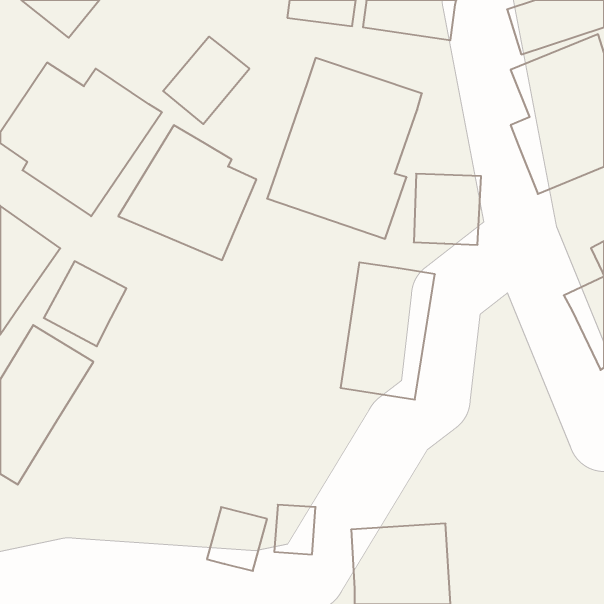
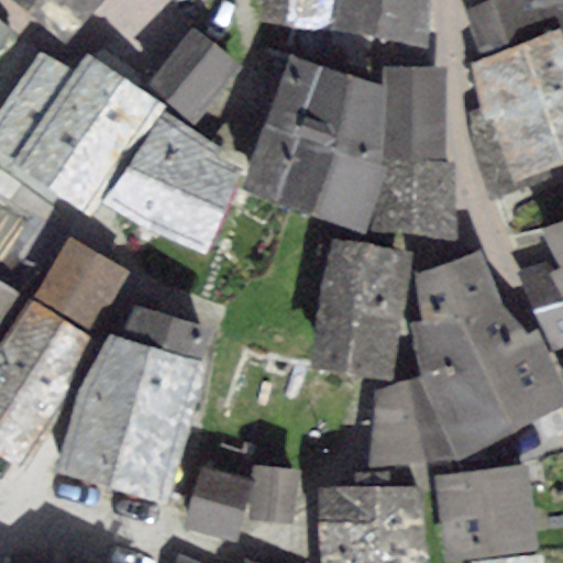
building: none -> [387,70,439,155]
building: none -> [385,257,552,455]
building: none -> [74,318,201,490]
building: none -> [442,467,532,554]

